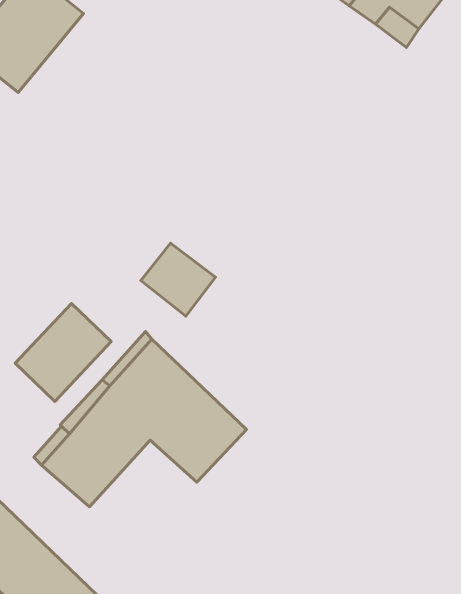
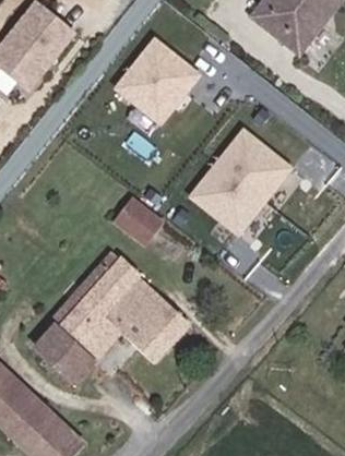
building: none -> [112,36,200,124]
building: none -> [189,132,287,233]
building: [15,303,111,401] -> none

